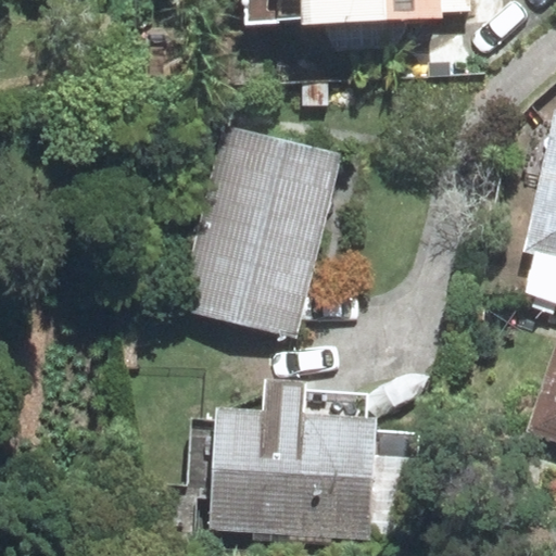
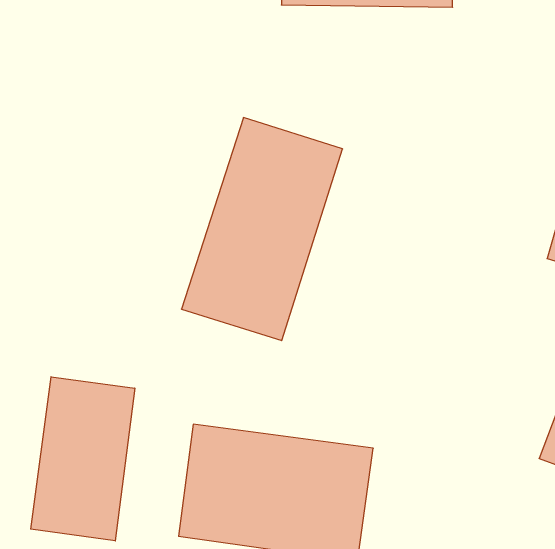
building: none -> [31,377,135,541]

